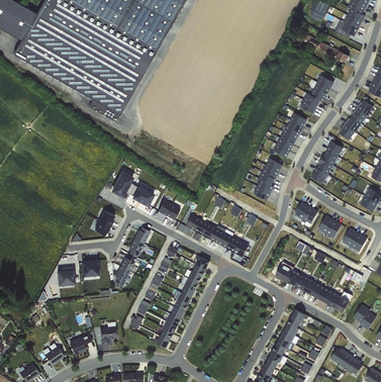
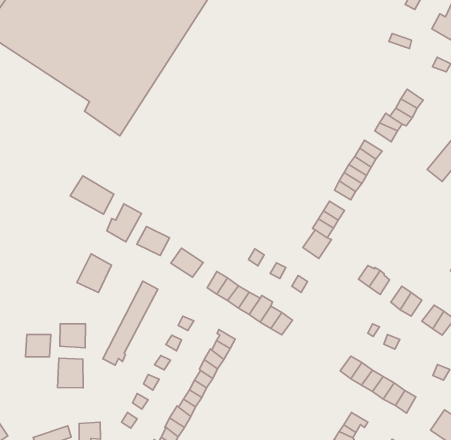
building: [310,139,343,182] -> none
building: none -> [70,176,114,214]
building: none -> [58,358,83,388]

